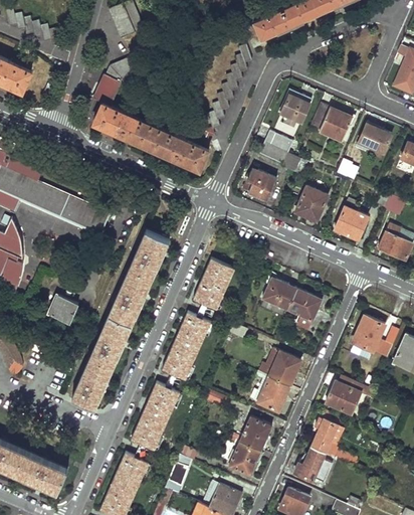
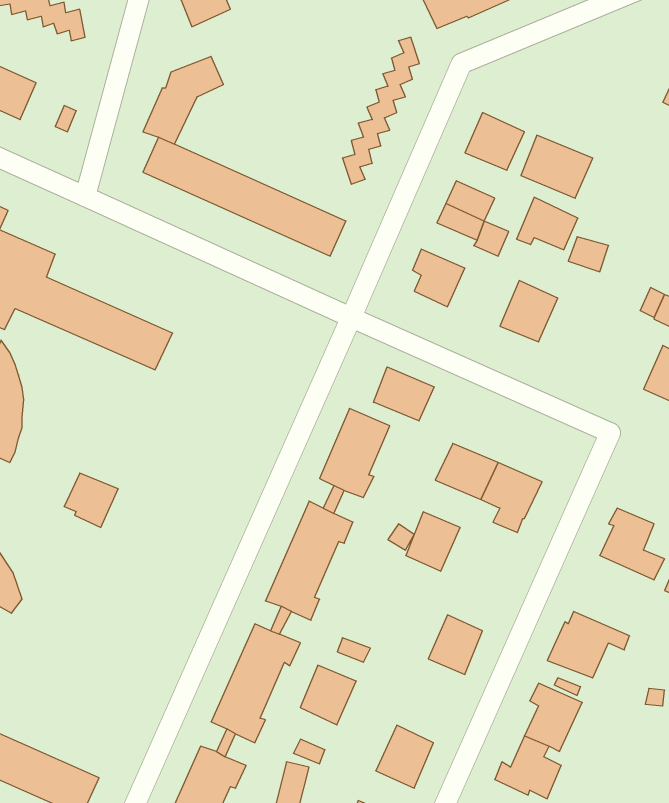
building: [355,122,390,152] -> [517,197,578,250]
building: [338,206,371,239] -> none
building: [71,231,168,409] -> none
building: none -> [373,367,434,421]
building: [267,353,298,387] -> [406,512,460,571]
building: [238,417,270,452] -> [300,665,356,725]

